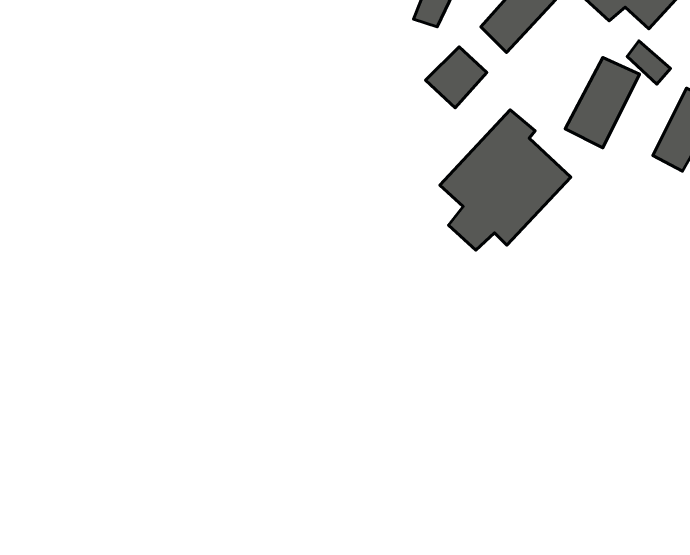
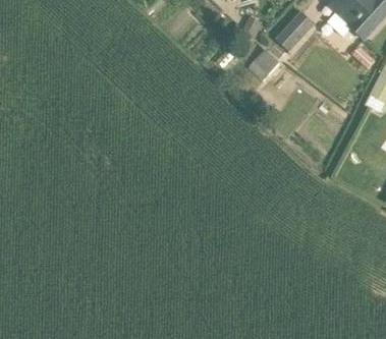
building: [565,58,639,148] -> none
building: [440,110,571,250] -> none

